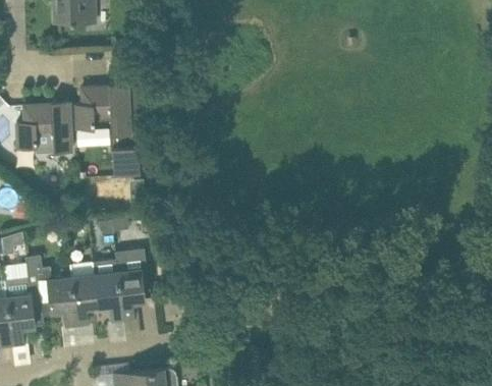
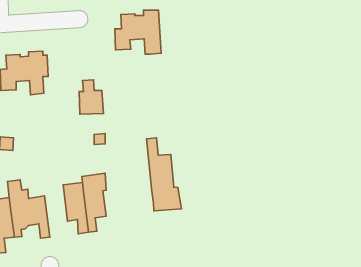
building: [73,84,129,136] -> [115,10,161,54]
building: none -> [147,138,182,211]
building: [70,263,98,326] -> none

